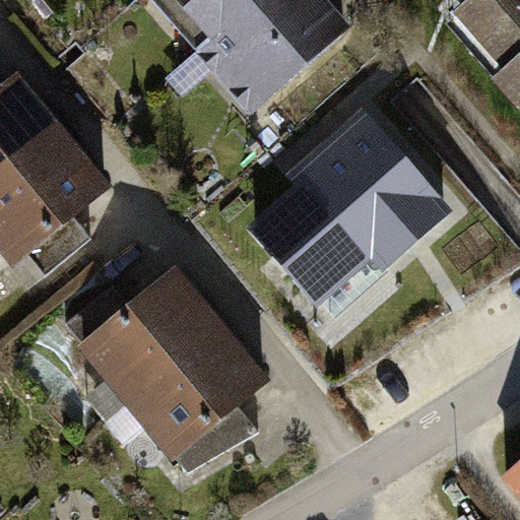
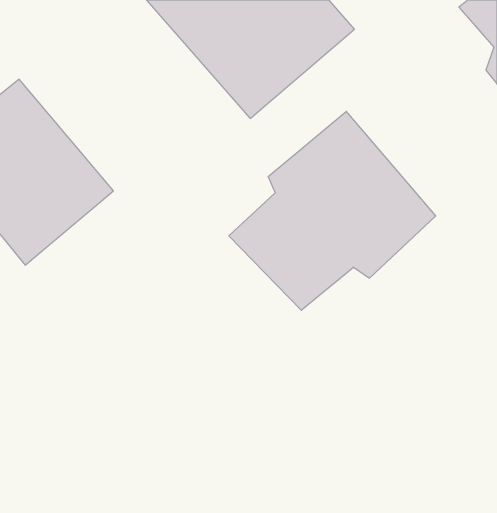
building: [85,270,277,464] -> none

